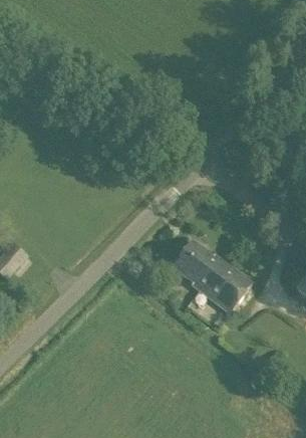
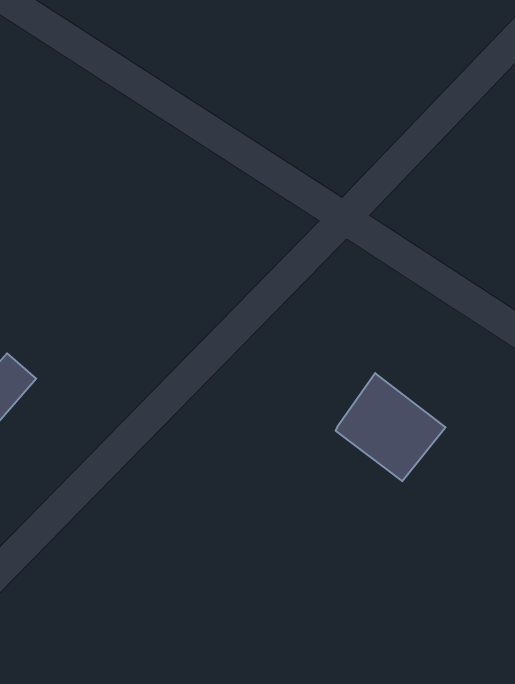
building: [174,240,214,282] -> none

